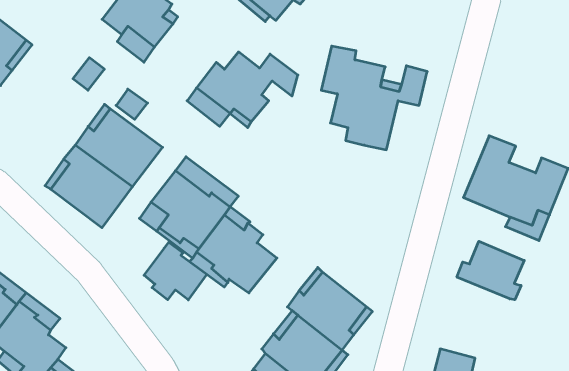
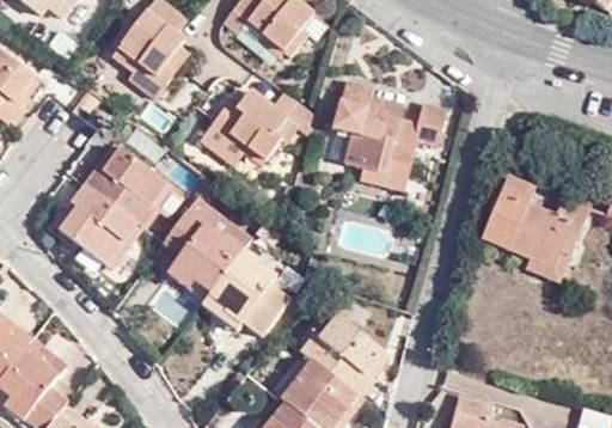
building: [457,241,524,300] -> none
building: [144,242,207,300] -> none

